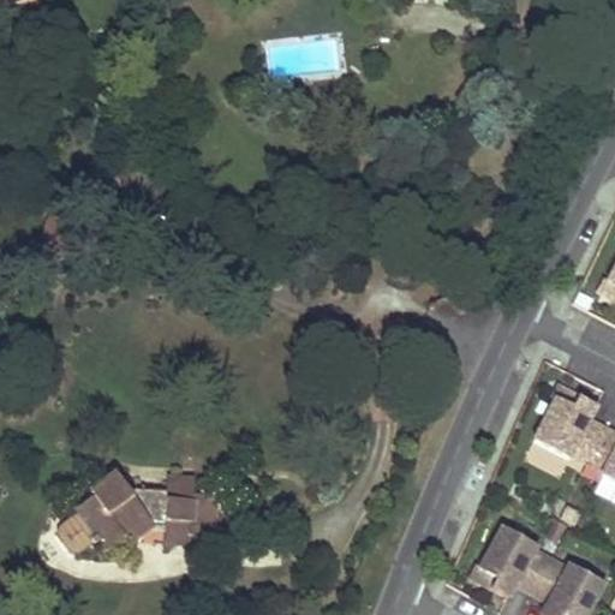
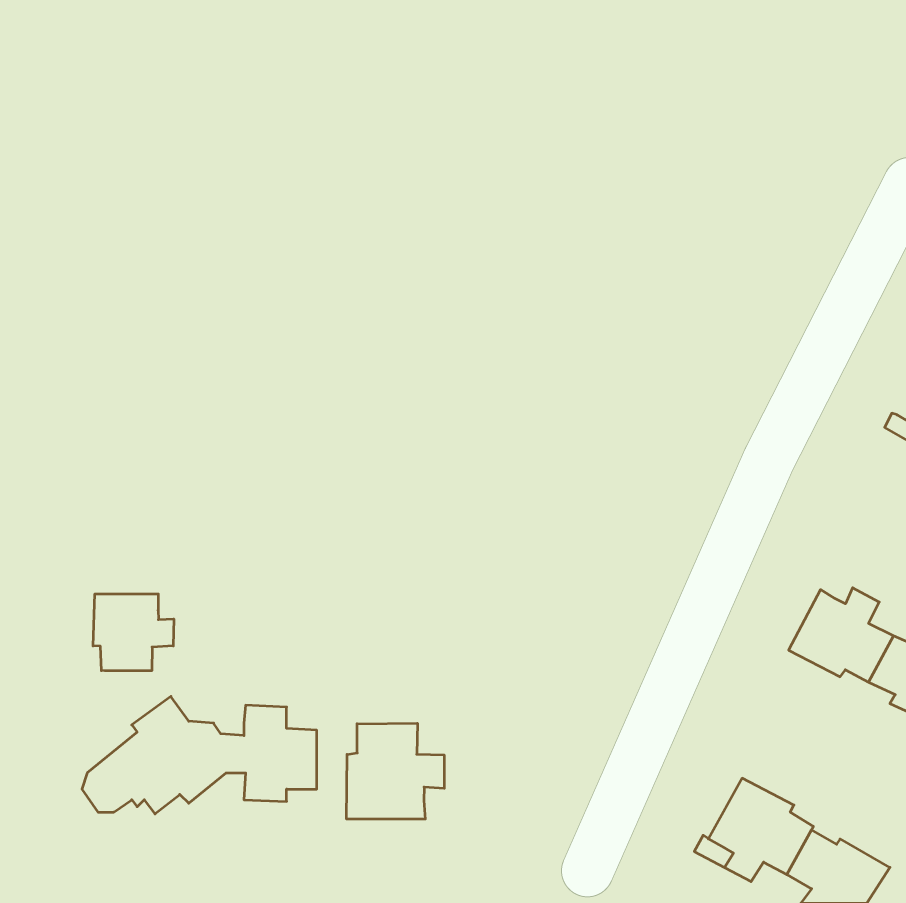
building: none -> [93,594,174,671]
building: none -> [347,723,444,819]

